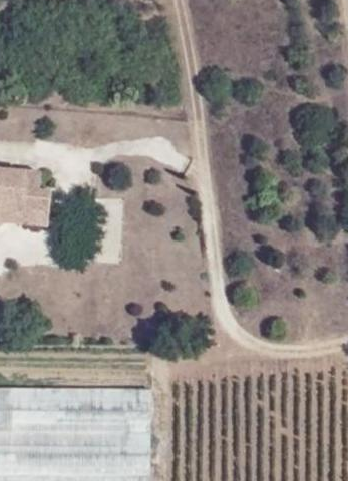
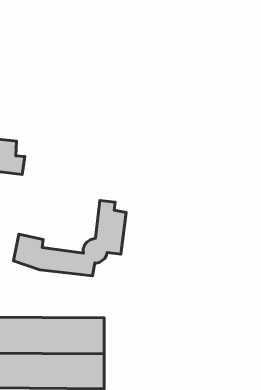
building: none -> [13,201,126,276]

